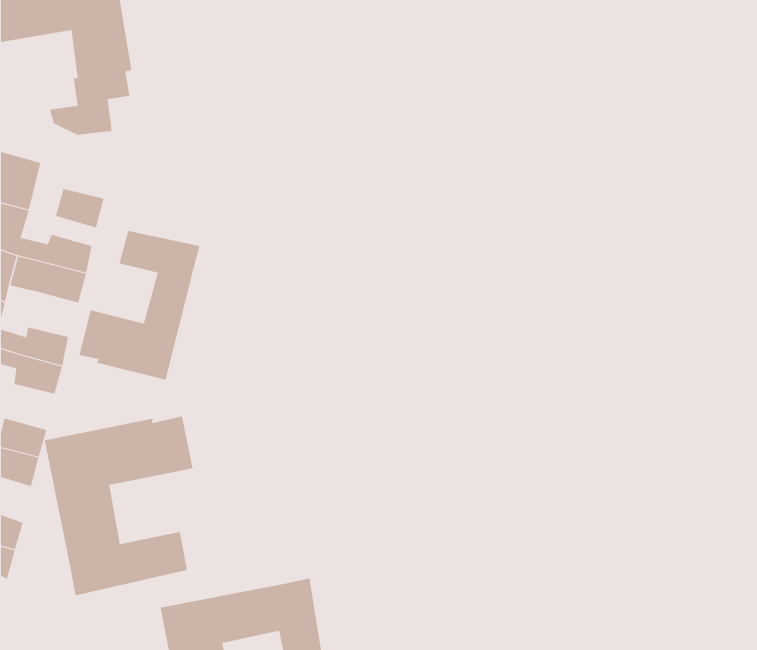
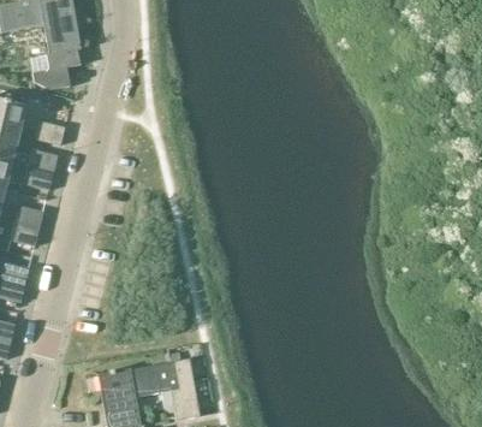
building: [79,230,200,380] -> none
building: [44,415,193,596] -> none

